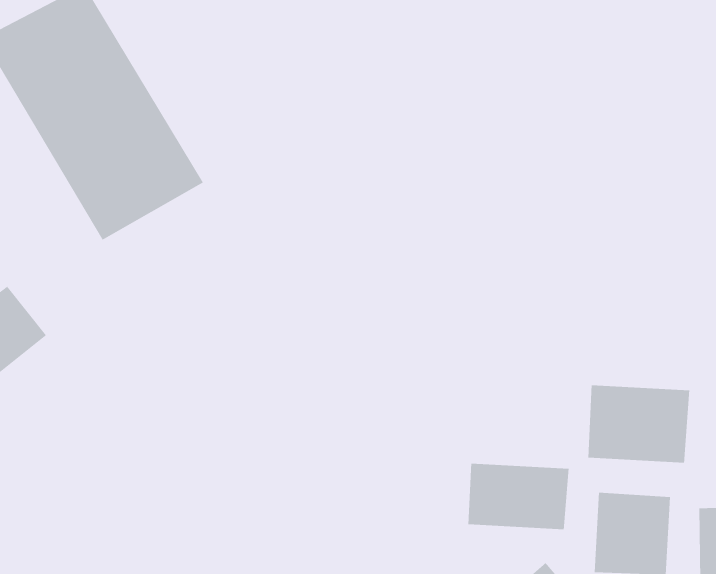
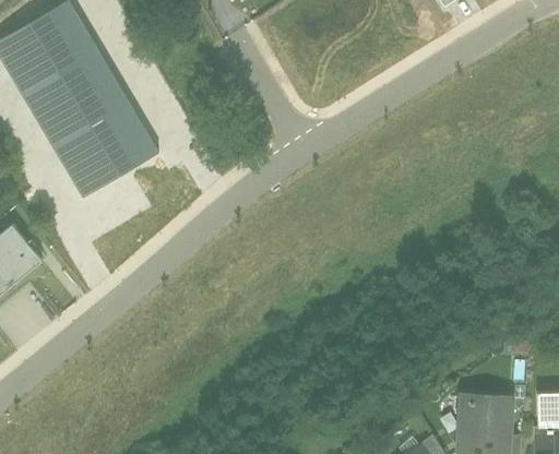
building: [588,385,690,463] -> none
building: [468,463,569,530] -> none

